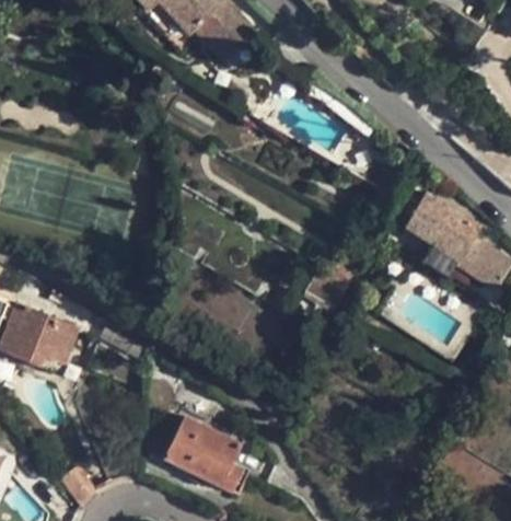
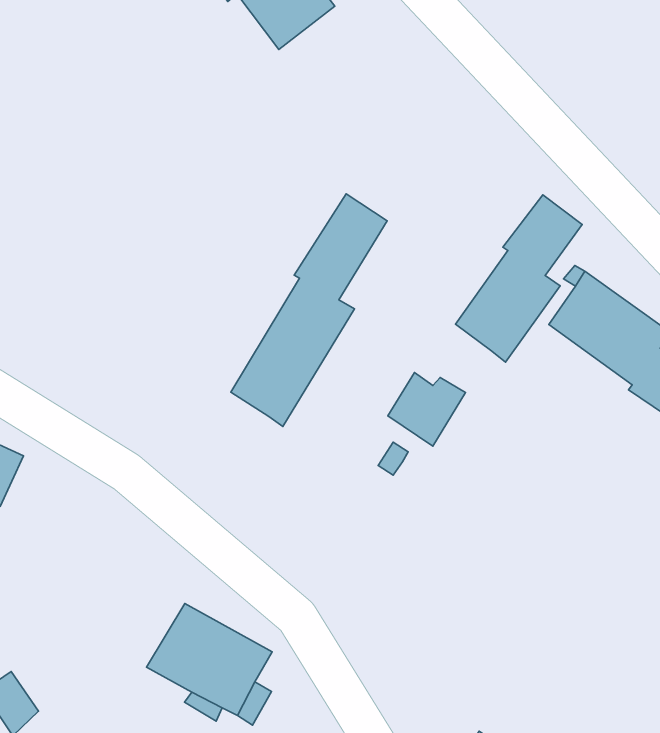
building: none -> [455,195,582,362]
building: none -> [231,194,387,427]

